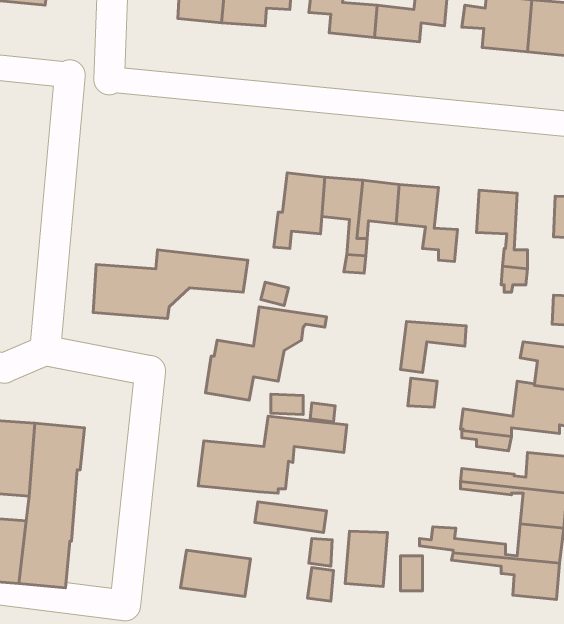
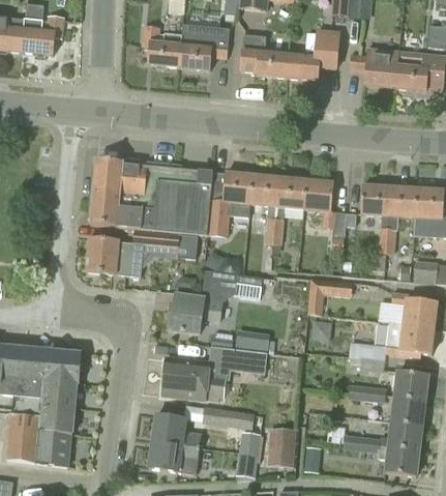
building: none -> [92,159,213,234]
building: none -> [386,187,415,228]
building: none -> [153,415,201,447]

